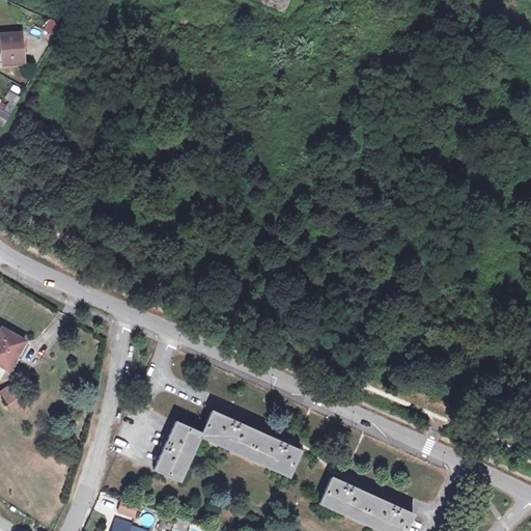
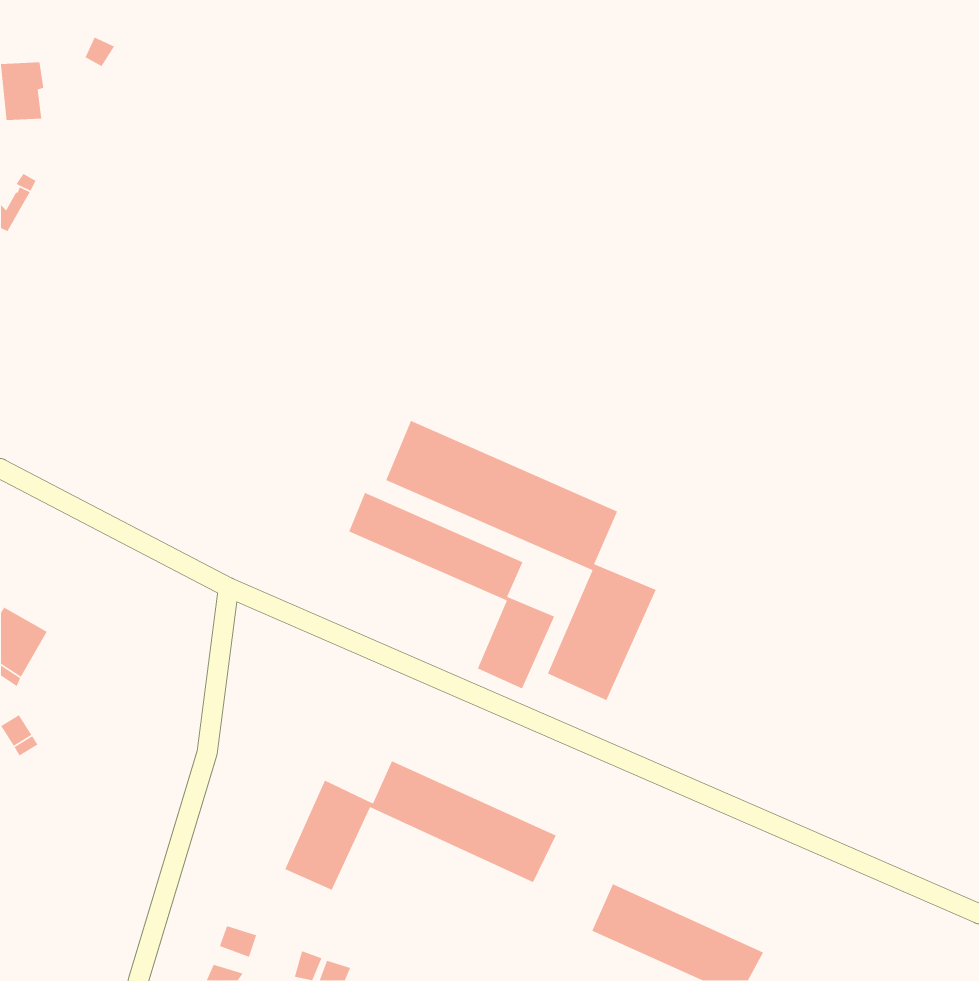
building: none -> [385,420,657,701]
building: none -> [348,492,555,689]

